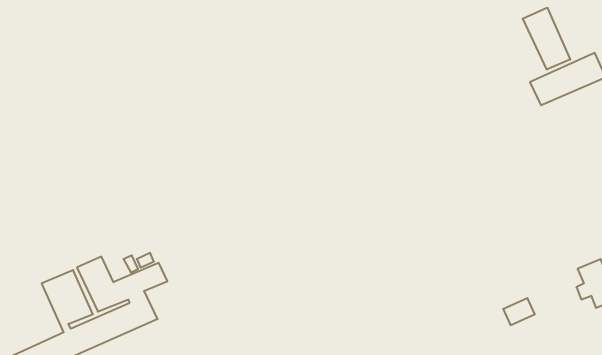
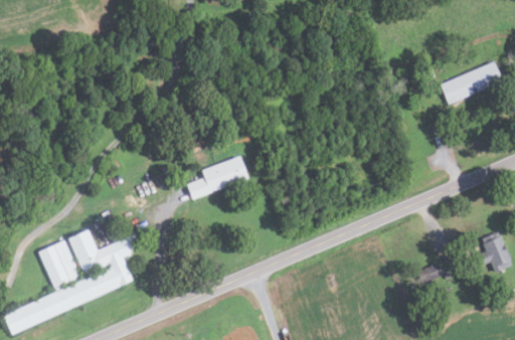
building: [523,8,570,70] -> none
building: none -> [188,154,248,198]

